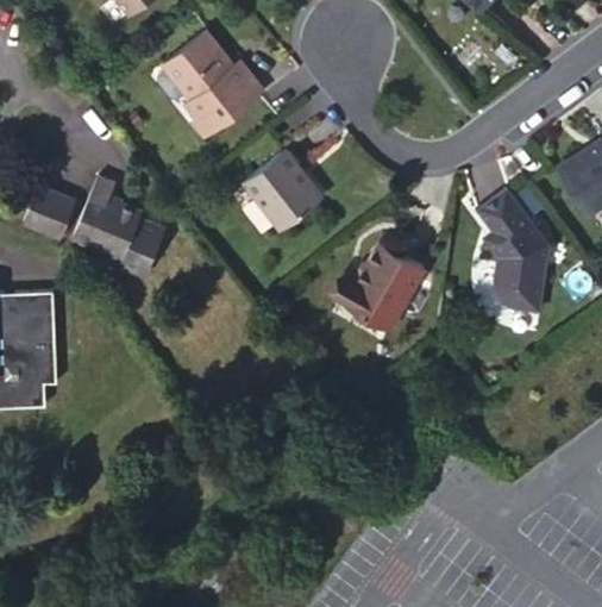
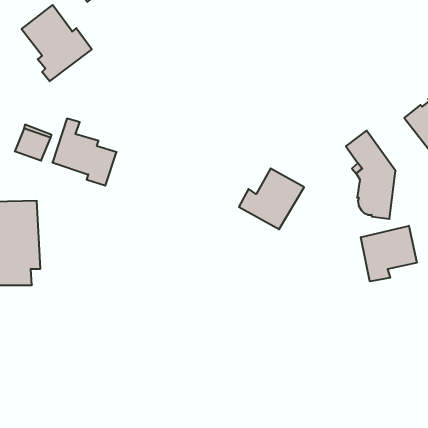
building: [158,35,256,140] -> [22,5,92,81]
building: [243,146,320,230] -> none
building: none -> [361,226,417,281]

